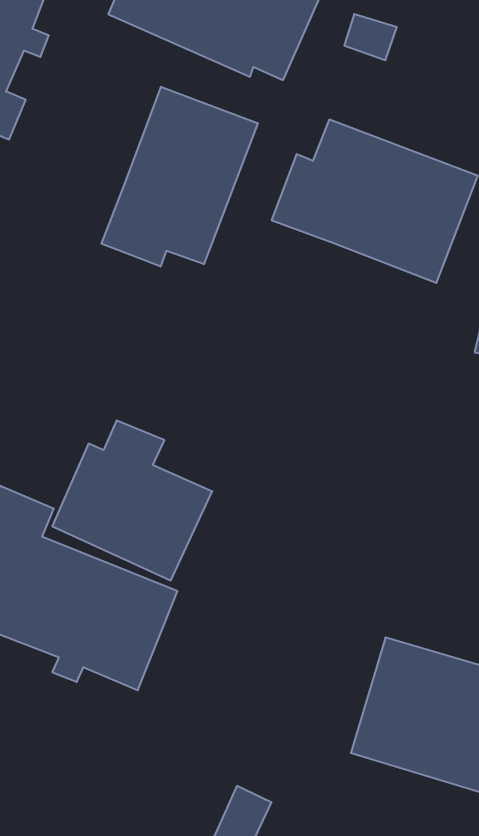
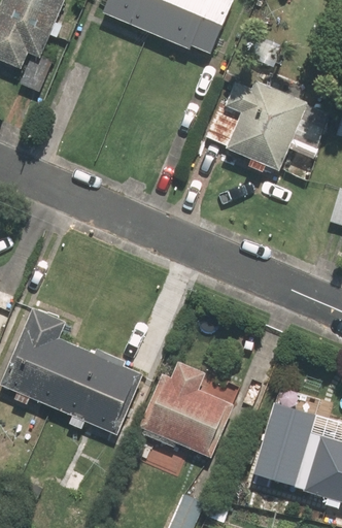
building: [101,87,258,267] -> none
building: [52,420,212,580] -> [137,359,237,459]

